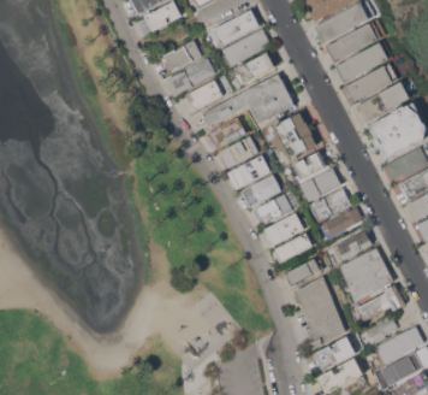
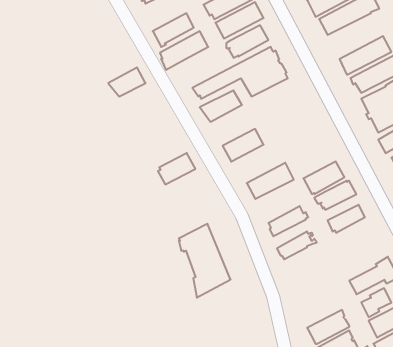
building: [334,41,390,82] -> none
building: [184,79,221,108] -> [108,67,146,96]
building: [267,112,315,161] -> none
building: [220,136,257,167] -> [158,153,195,184]
building: [289,151,326,179] -> none
building: [299,169,340,201] -> none
building: [239,175,280,208] -> none
building: [263,213,305,246] -> none
building: [339,247,393,301] -> none
building: [292,276,344,349] -> [179,224,231,298]

